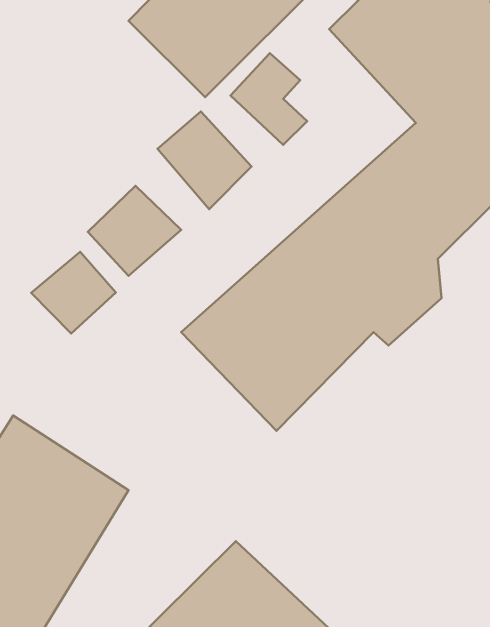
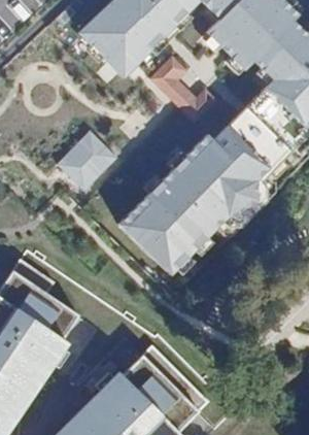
building: [158,111,252,209] -> none
building: [31,252,116,333] -> none

